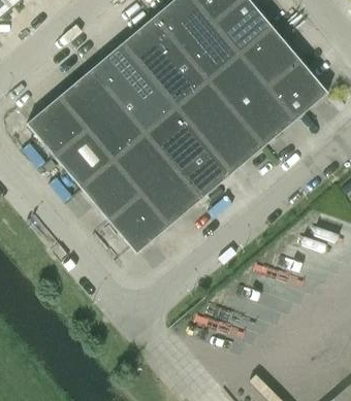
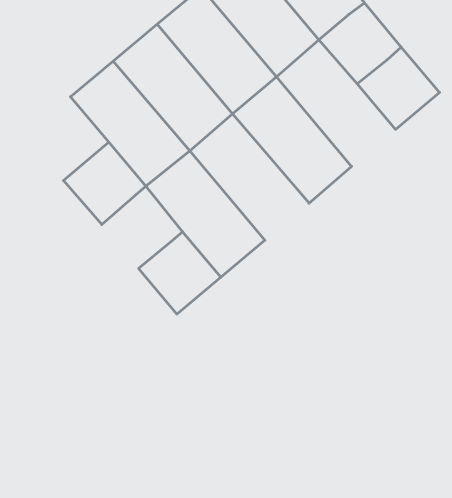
building: [210,54,296,145] -> none
building: [27,95,88,156] -> none
building: [147,107,233,199] -> none
building: [83,160,141,220] -> none

